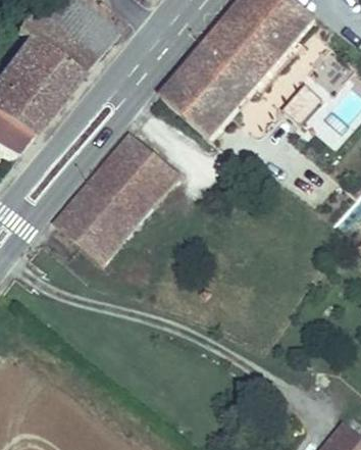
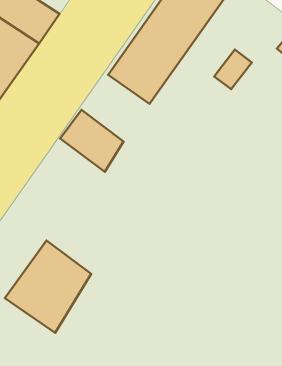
building: [56,165,152,266] -> [5,241,91,333]

